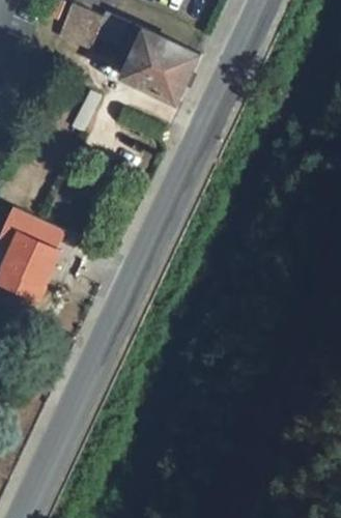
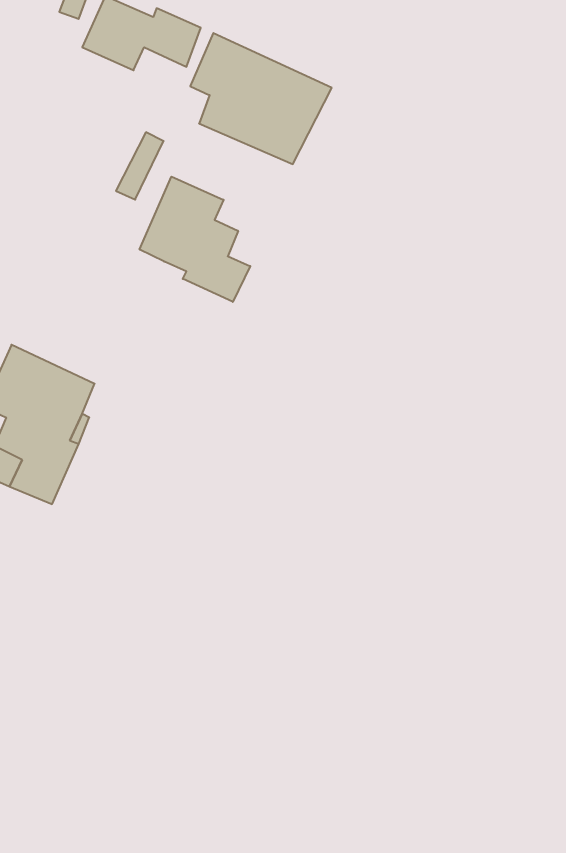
building: none -> [140,177,250,302]

